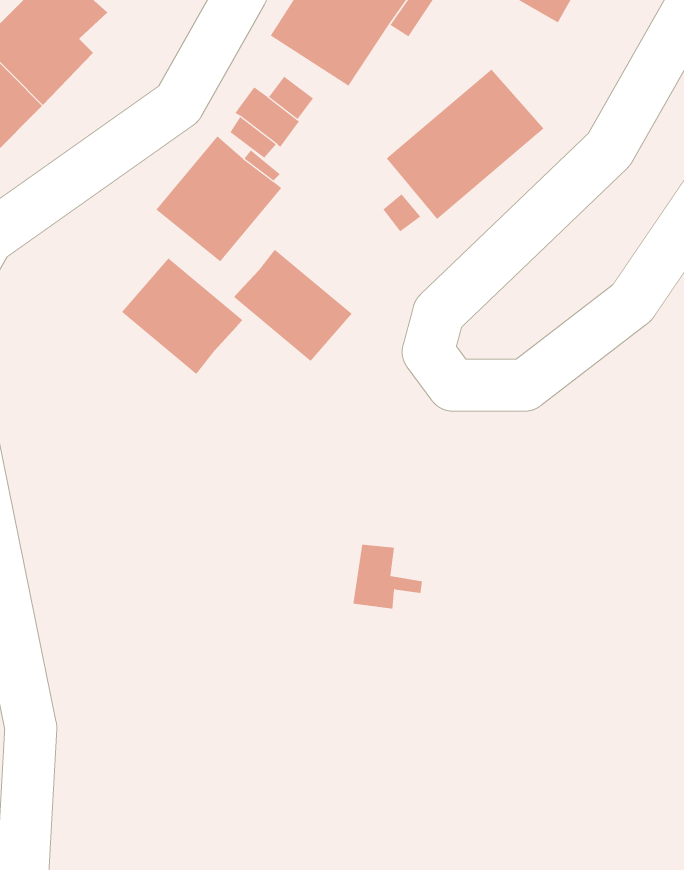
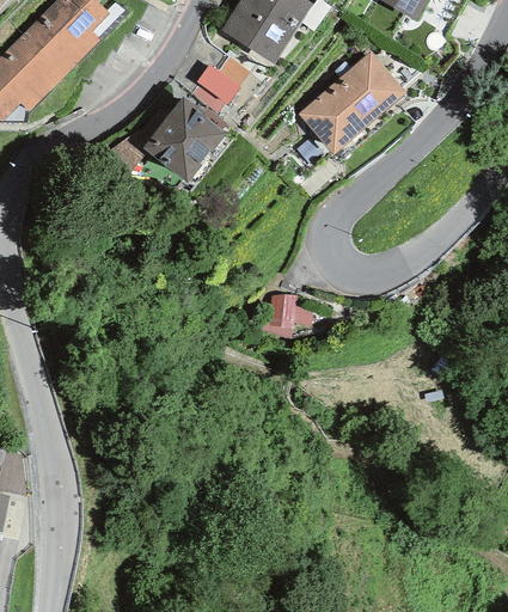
building: [233,249,352,362] -> none
building: [121,257,243,375] -> none
building: [353,544,423,609] -> [268,286,316,330]

